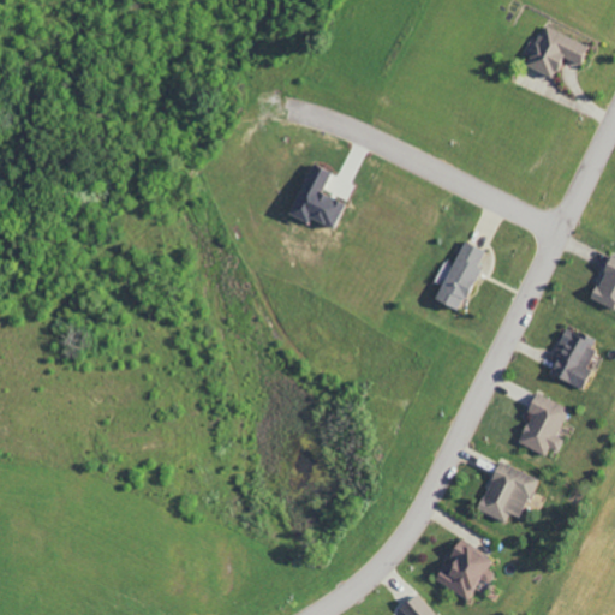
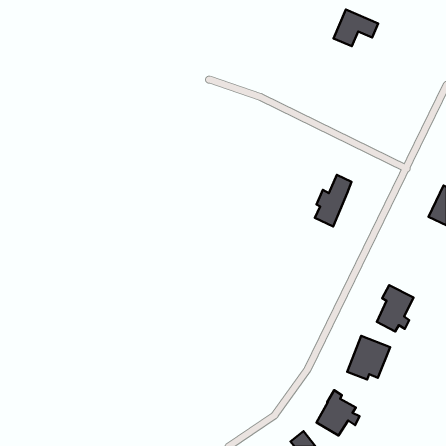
building: [526,26,587,77] -> [334,10,378,46]
building: [289,165,348,233] -> none
building: [549,330,598,390] -> none

